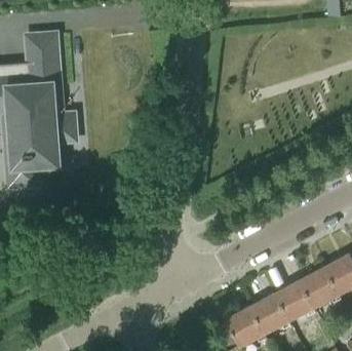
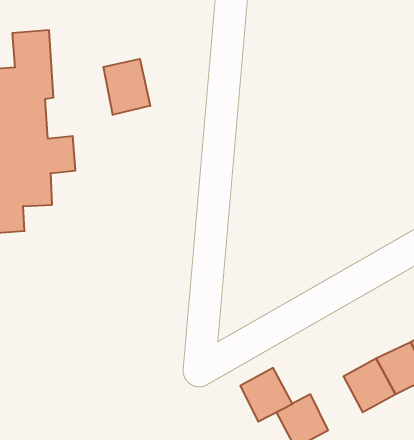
building: none -> [103,59,150,115]
building: [250,294,289,334] -> [240,368,292,422]

